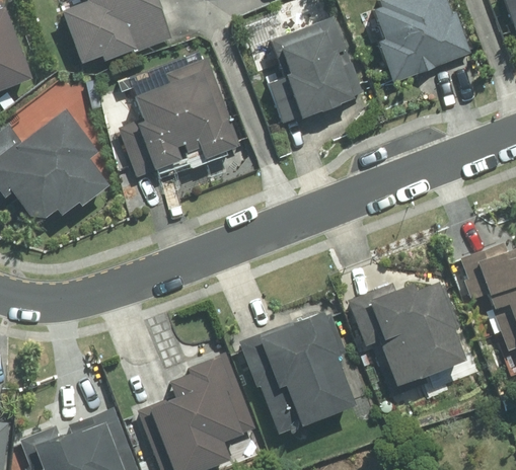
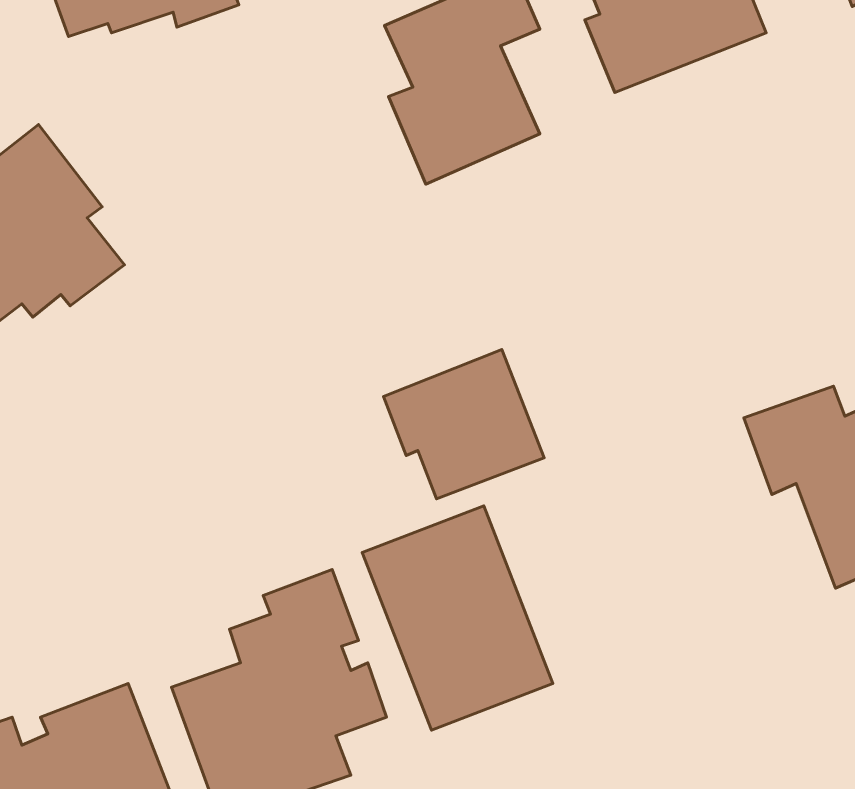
building: [119,57,230,174] -> none
building: none -> [384,349,544,499]
building: [338,287,484,391] -> none

